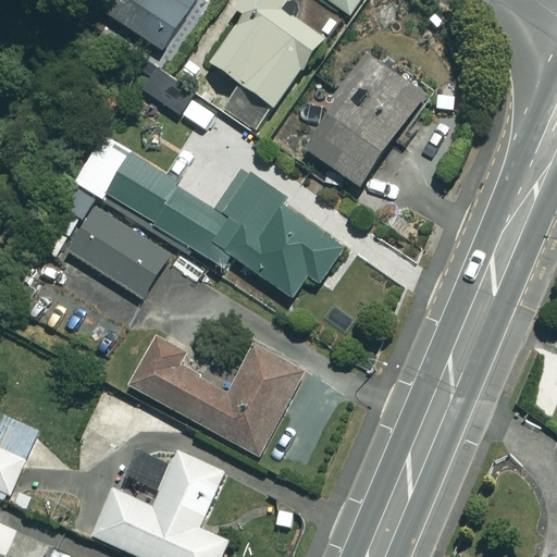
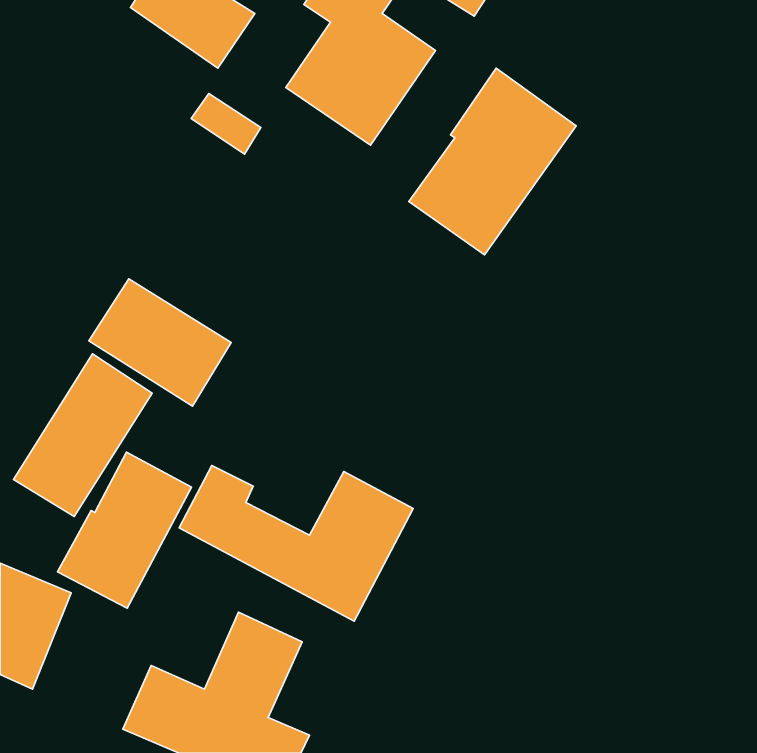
building: [72,134,346,297] -> none
building: none -> [14,354,152,517]
building: none -> [57,452,191,608]

